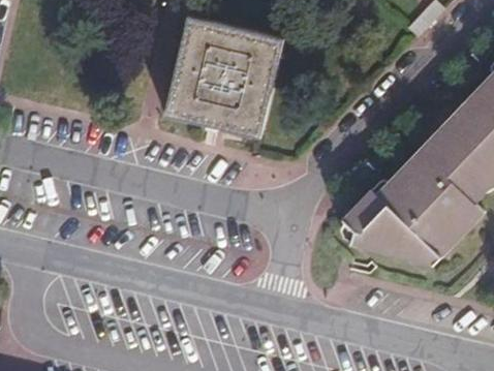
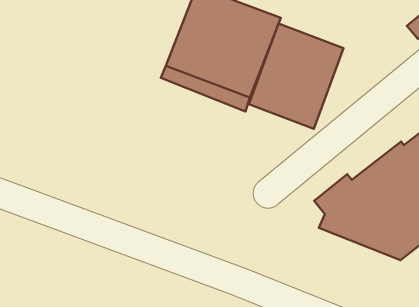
building: none -> [249,24,344,129]

